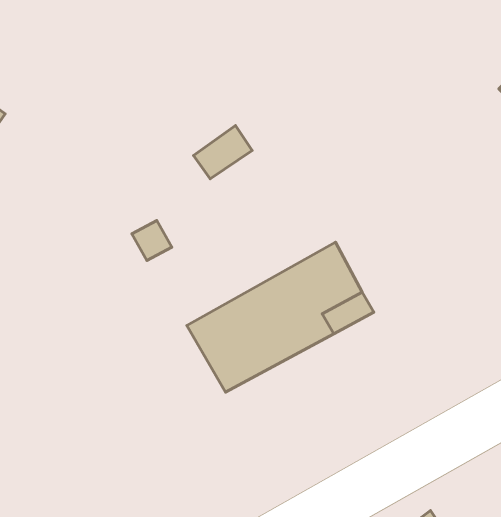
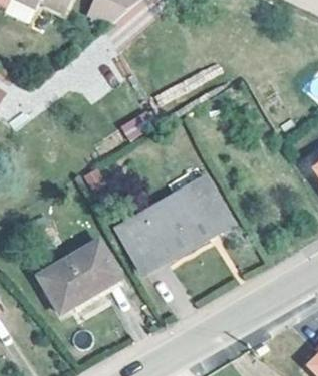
building: none -> [37,237,118,307]

